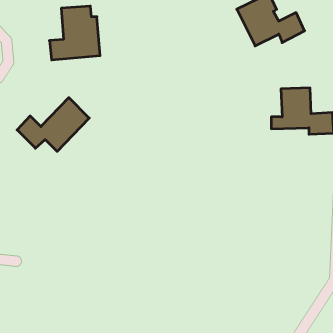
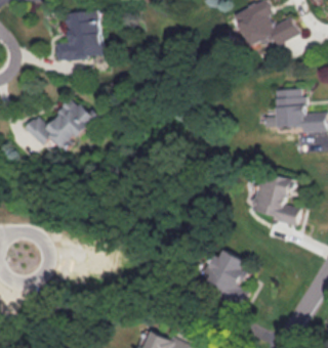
building: none -> [251,171,301,226]
building: none -> [203,248,251,303]

